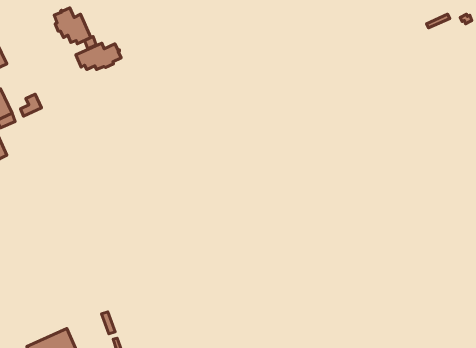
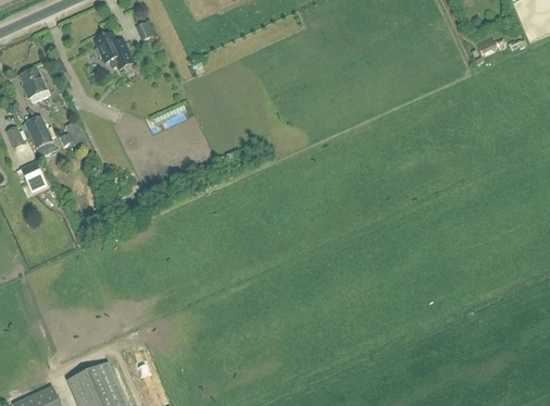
building: [76,43,121,70] -> none

